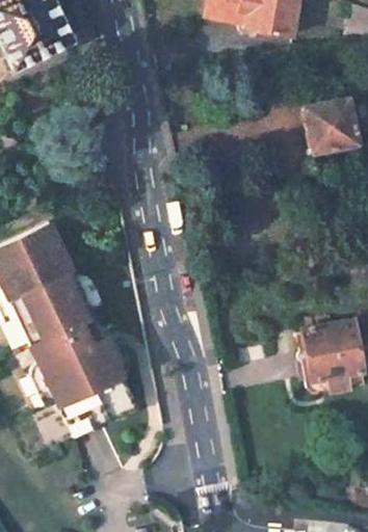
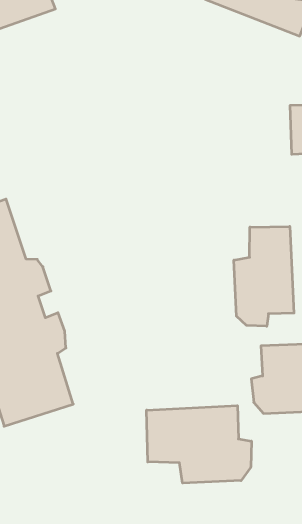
building: none -> [234,226,294,326]
building: none -> [147,406,251,483]

